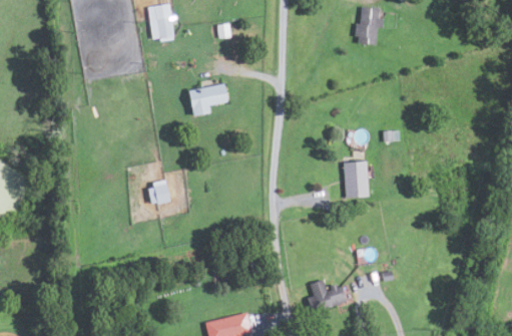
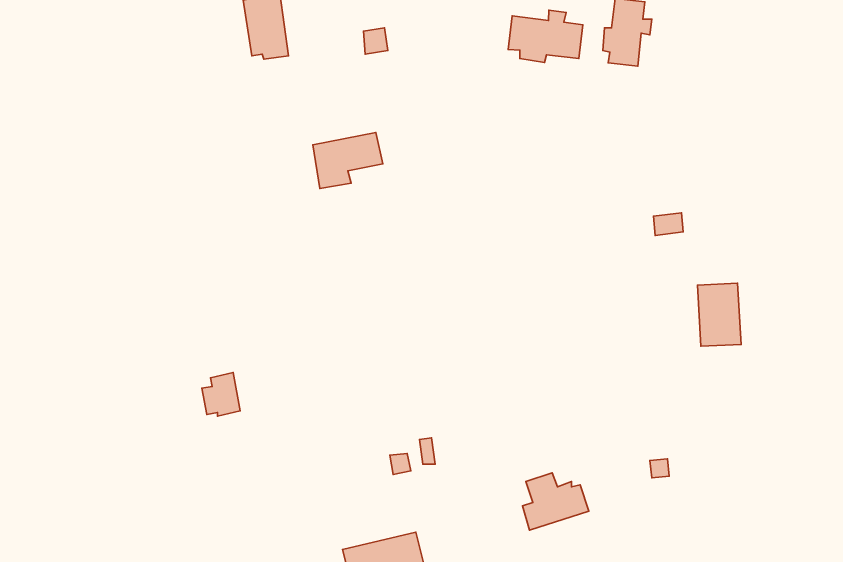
building: none -> [508,10,583,62]
building: [344,161,369,198] -> [697,283,741,346]
building: [148,180,170,205] -> [202,373,240,416]

